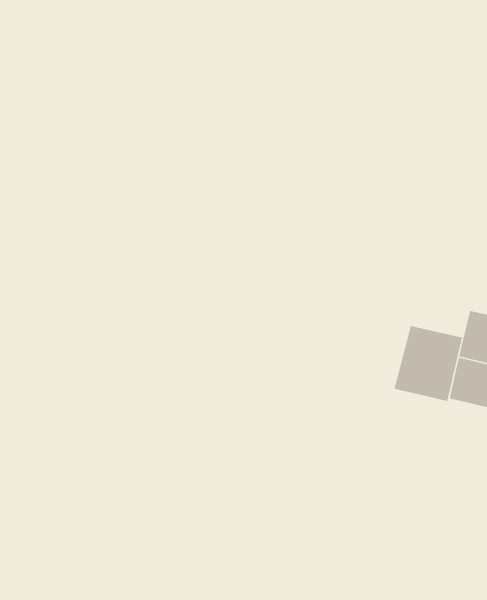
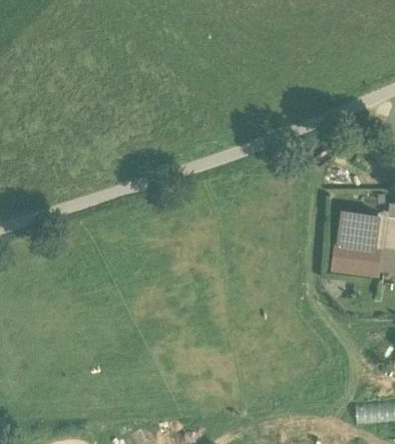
building: [394,325,463,402] -> none

